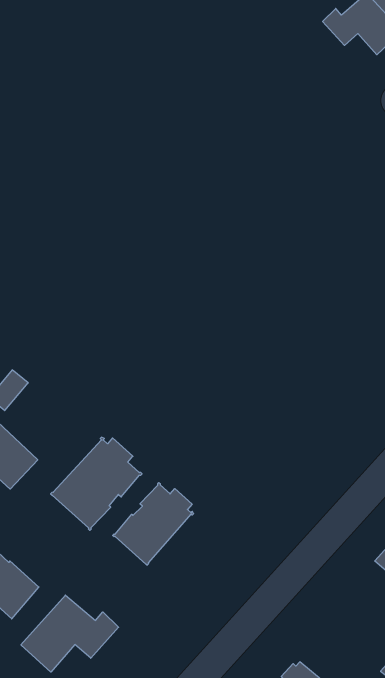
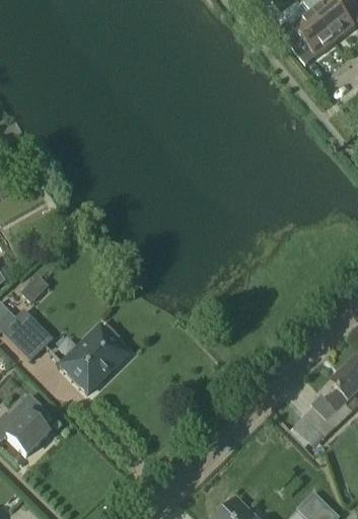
building: [113,483,194,565] -> none
building: [21,595,119,672] -> none

